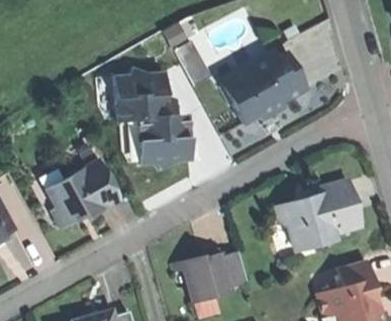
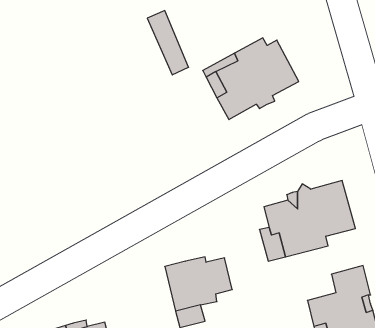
building: [113,69,191,168] -> none
building: [45,159,119,228] -> none

